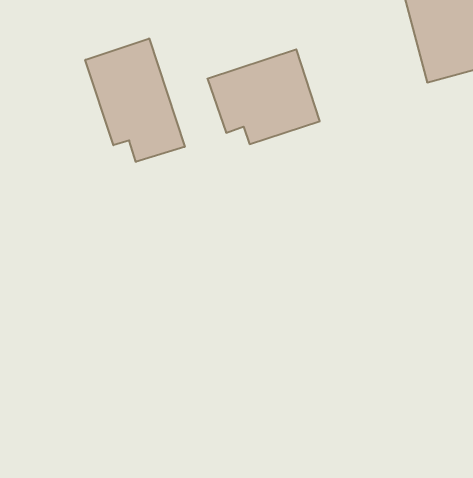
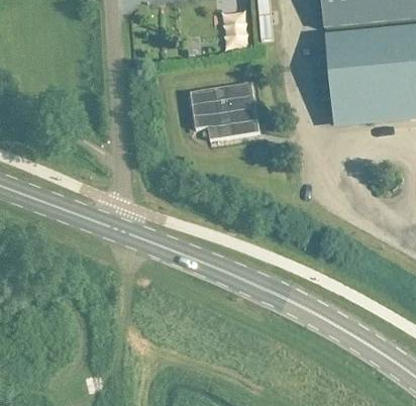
building: [85,38,185,162] -> none

